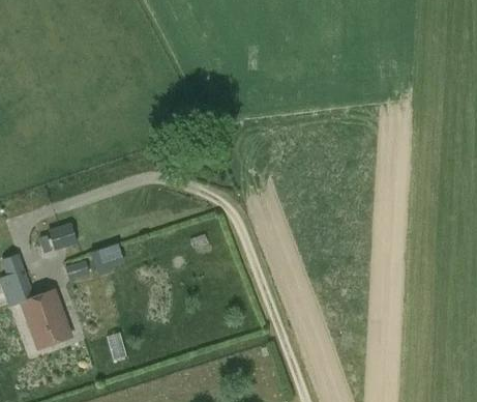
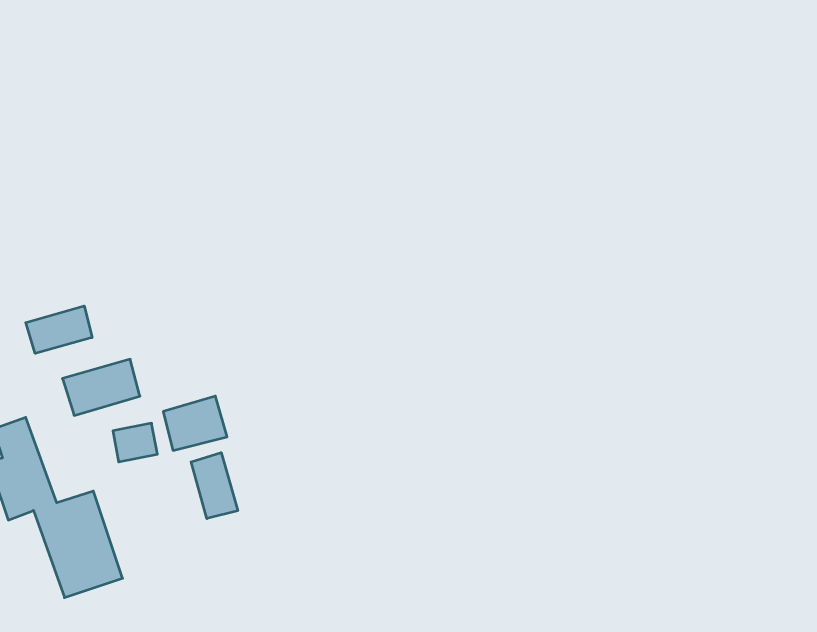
building: none -> [26,306,92,353]
building: none -> [191,453,238,519]

